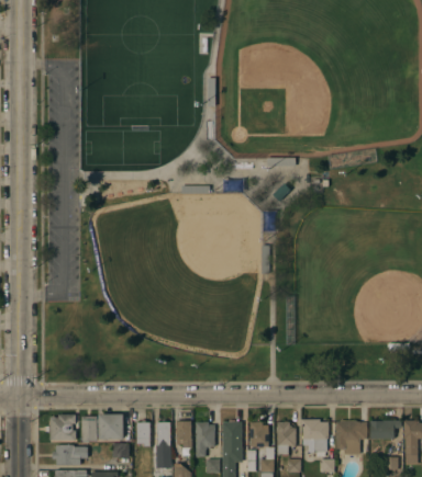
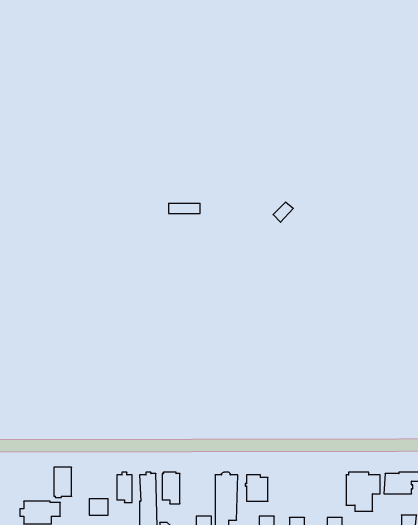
building: [49,414,75,440] -> none
building: [98,414,123,439] -> none
building: [302,419,329,457] -> none
building: [195,422,214,456] -> none
building: [275,422,296,454] -> none

